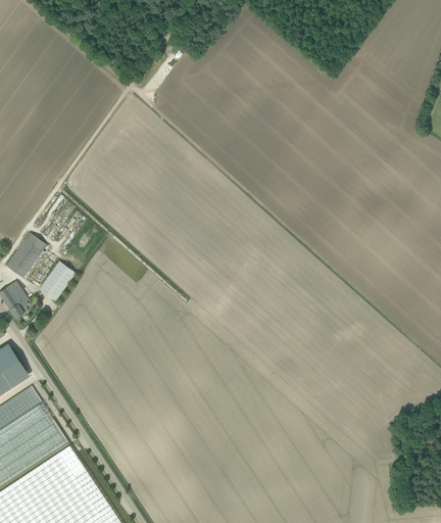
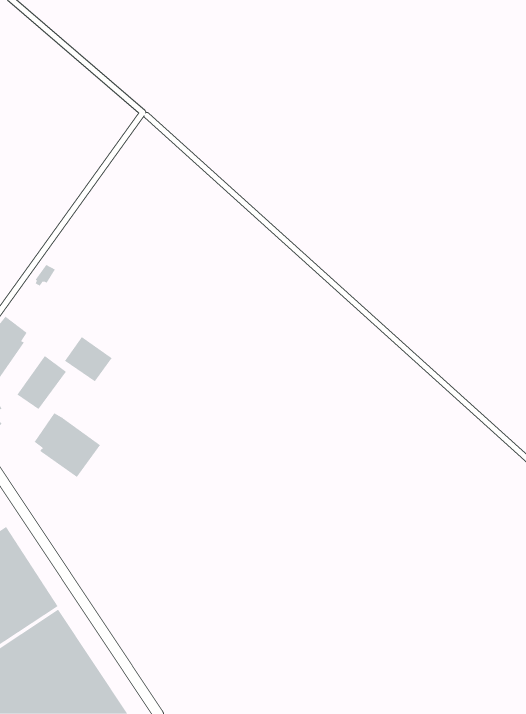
building: none -> [64,336,112,382]
building: none -> [34,413,101,478]

